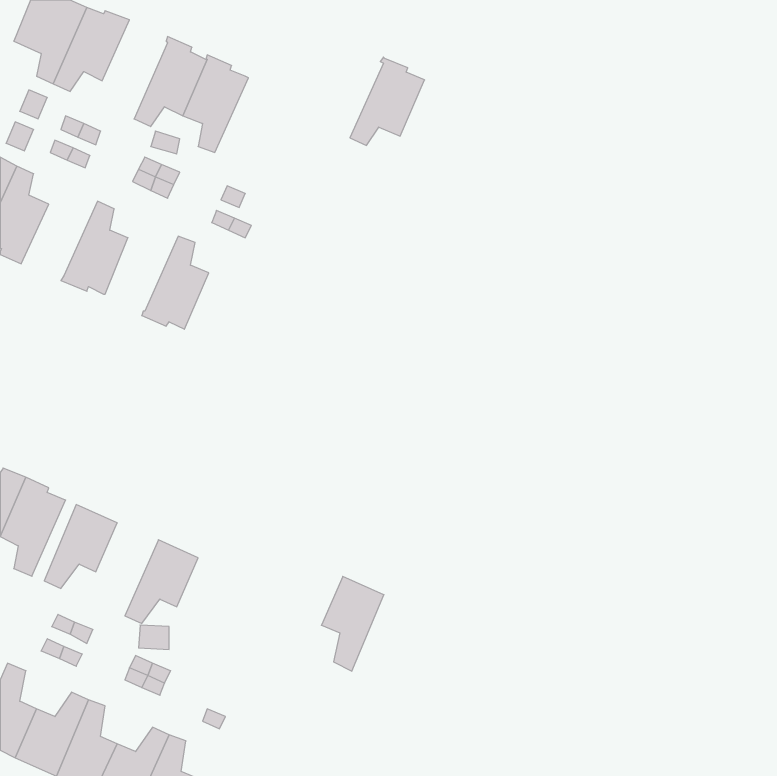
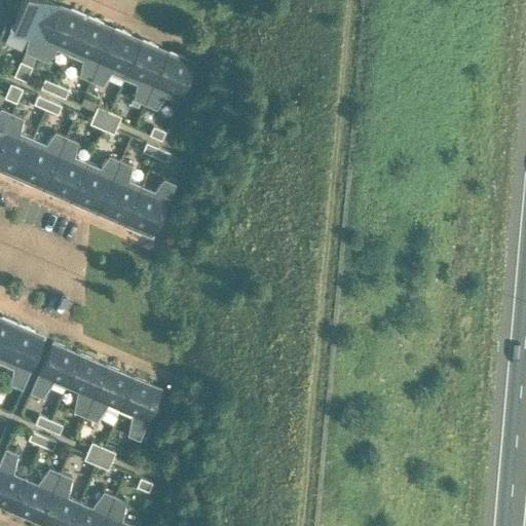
building: none -> [70,15,114,82]
building: [350,57,425,145] -> [146,50,196,110]
building: none -> [15,133,67,188]
building: none -> [70,156,121,212]
building: none -> [123,180,177,236]
building: none -> [66,354,108,417]
building: [321,576,384,671] -> [120,378,162,442]

